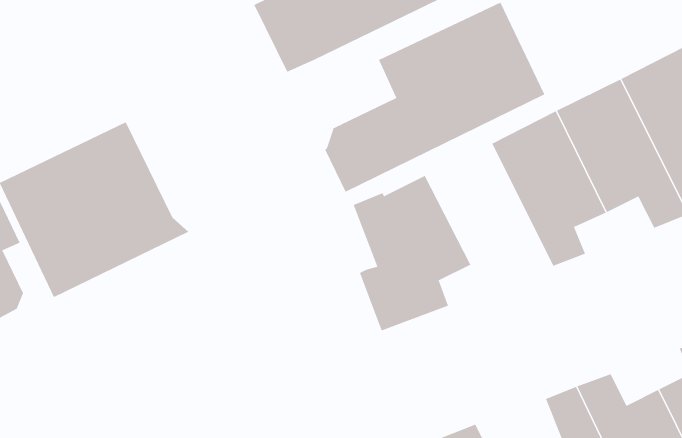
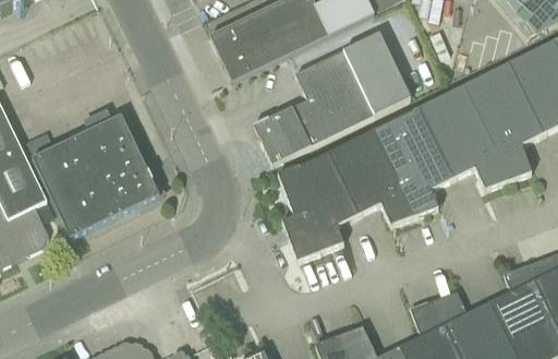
building: none -> [327,130,415,225]

